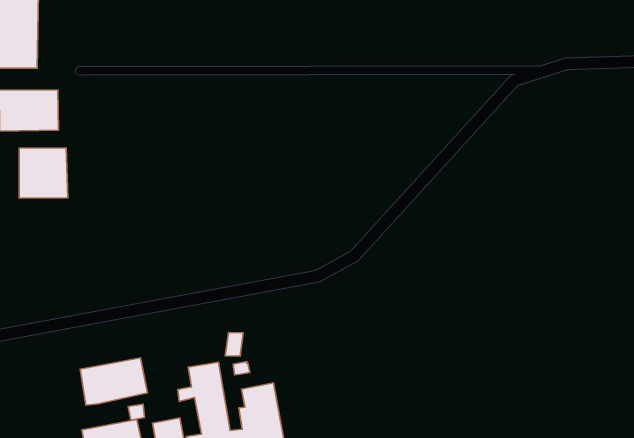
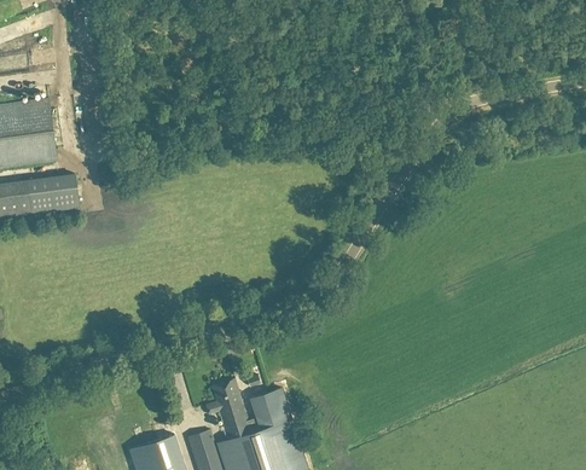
building: [19,148,68,198] -> none
building: [80,358,148,405] -> none

